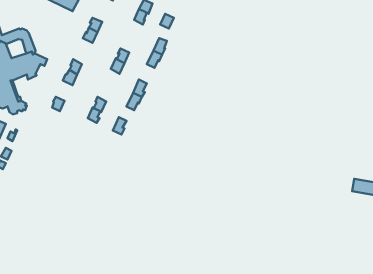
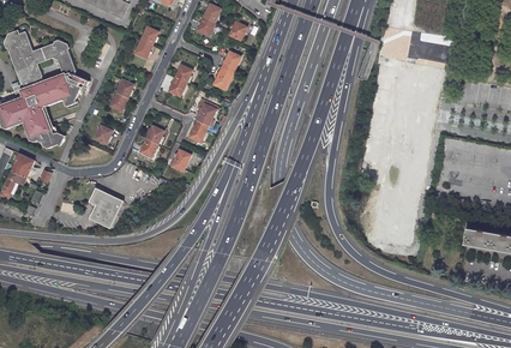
building: none -> [89,187,124,228]

